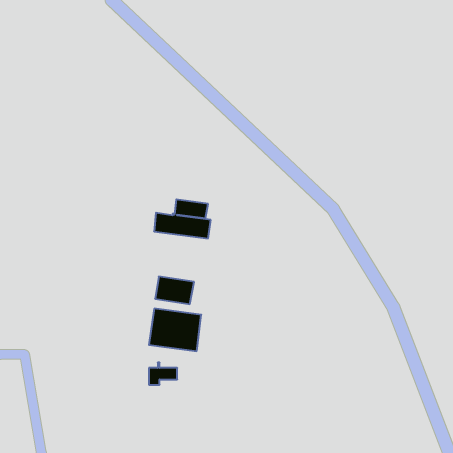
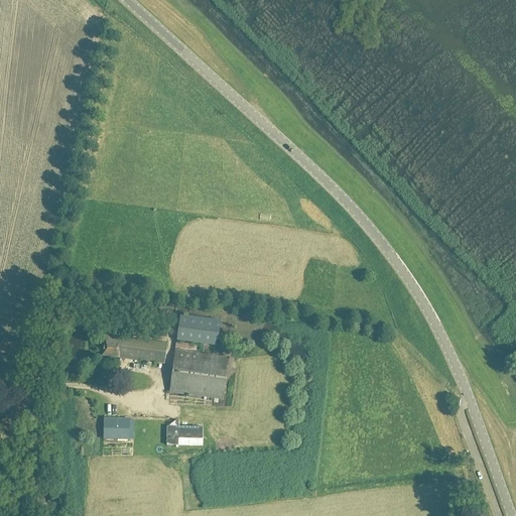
building: [154,199,211,238] -> [103,318,167,363]
building: none -> [104,418,129,438]

